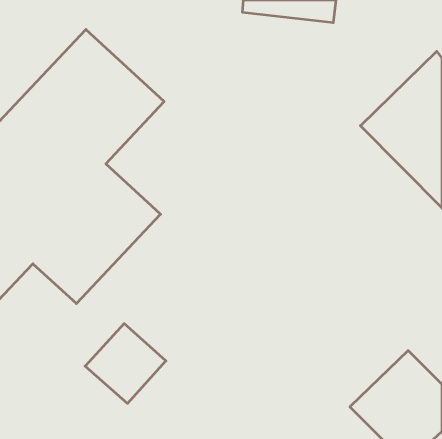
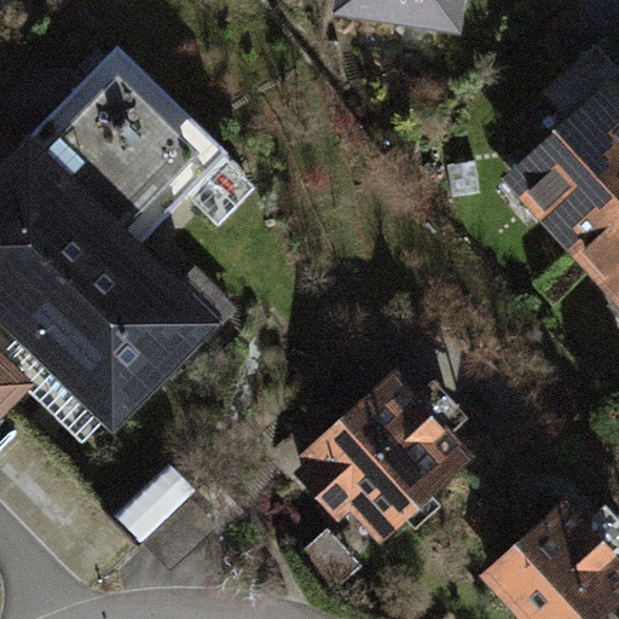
building: none -> [301,372,472,542]

